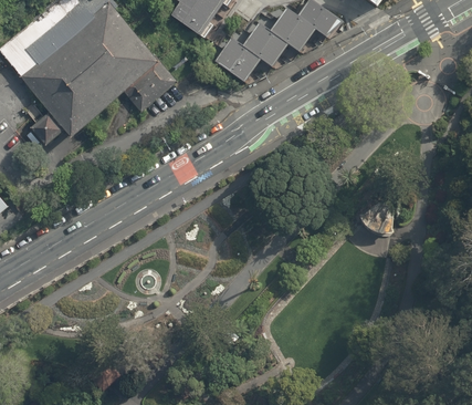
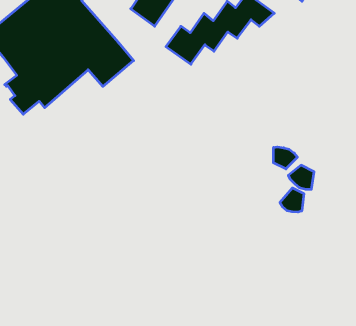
building: none -> [273,147,297,169]
building: none -> [280,188,304,212]

